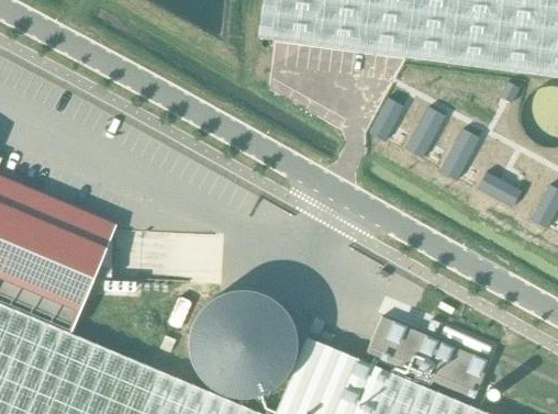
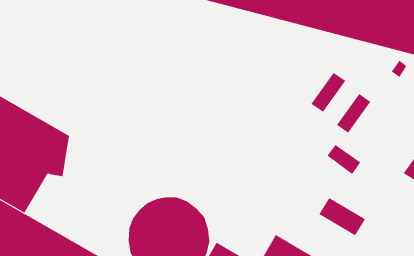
building: [368,99,403,143] -> none
building: [477,174,521,209] -> [327,144,361,175]
building: none -> [318,197,366,236]

